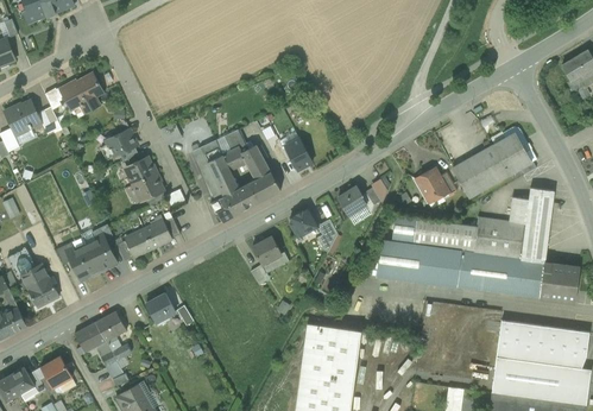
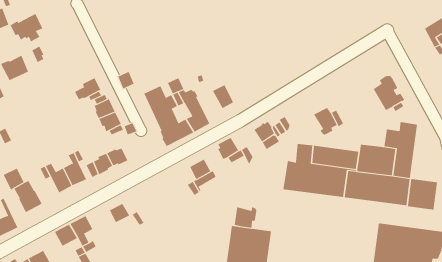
building: [59,72,103,110] -> [10,13,43,42]
building: [453,145,511,198] -> none
building: none -> [234,206,257,228]

